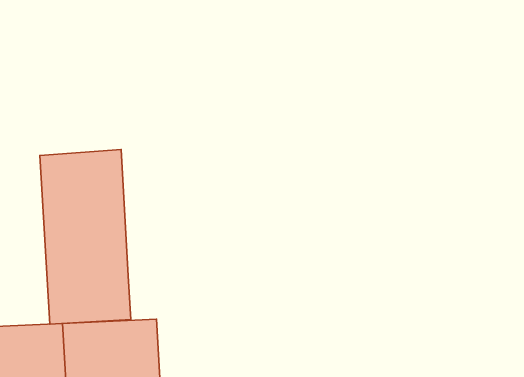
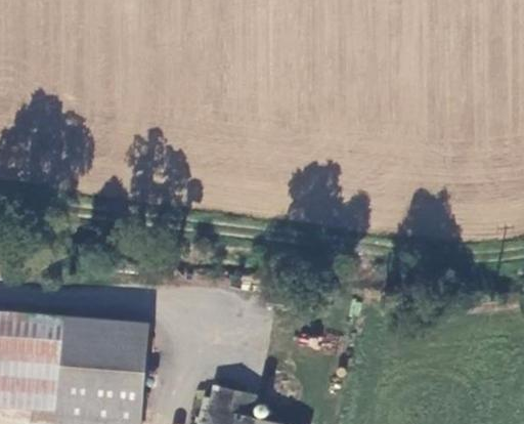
building: [40,149,131,324] -> none

